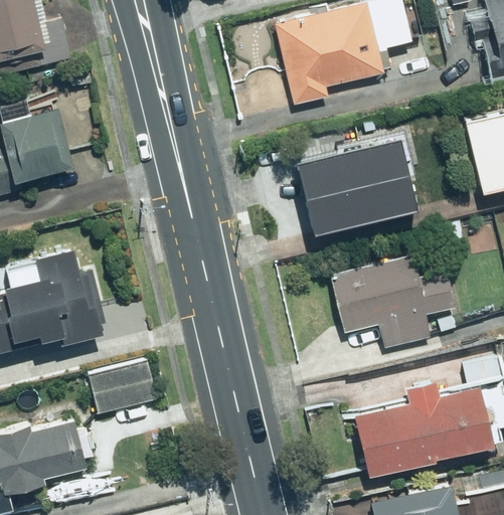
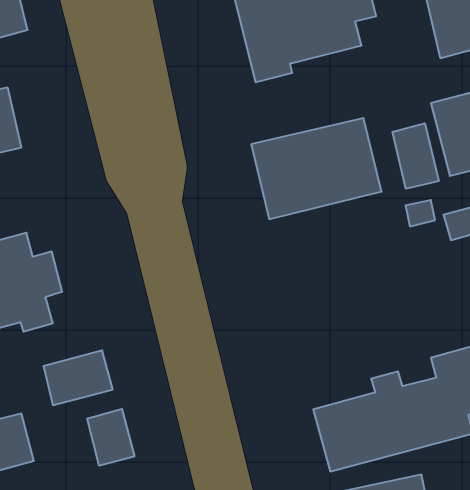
building: none -> [393,123,439,189]
building: [333,253,462,349] -> none
building: none -> [87,409,134,466]

